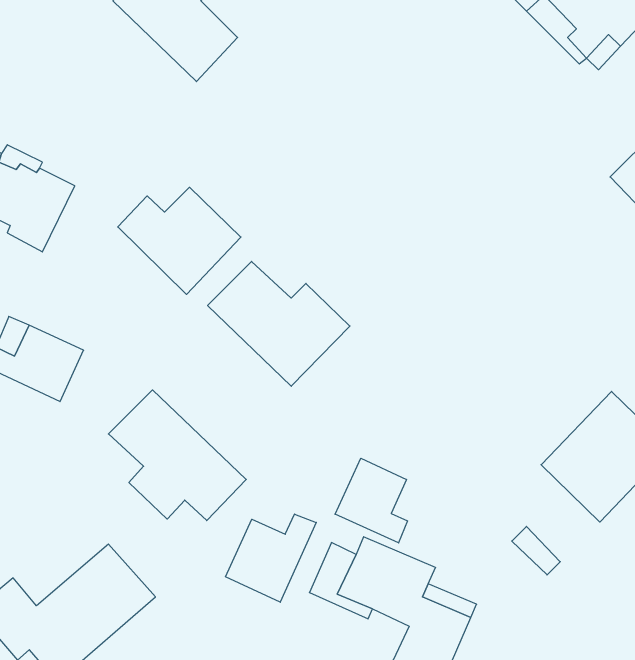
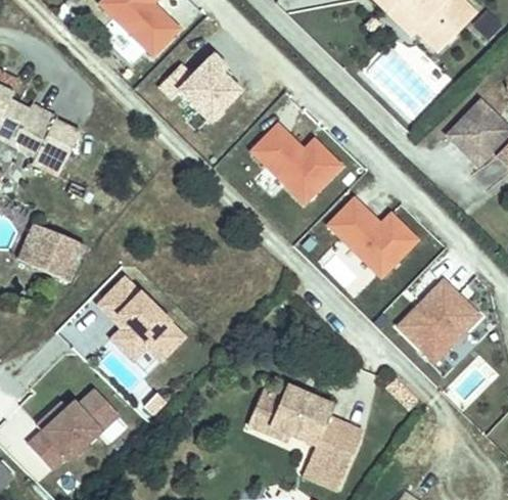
building: [118,187,241,294] -> [163,55,248,130]
building: [208,261,350,386] -> [248,121,348,208]
building: none -> [325,193,424,281]
building: [335,458,407,543] -> none
building: [225,514,316,602] -> none

